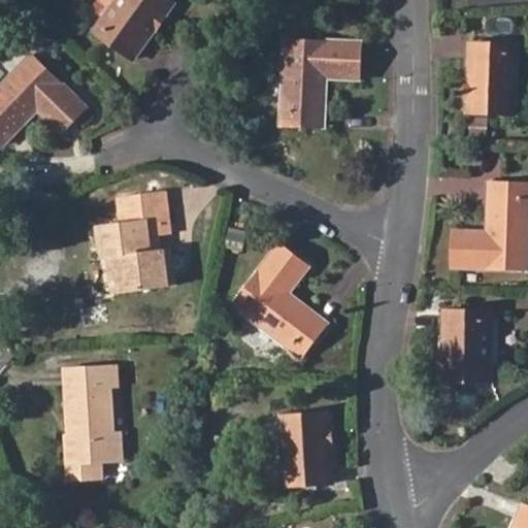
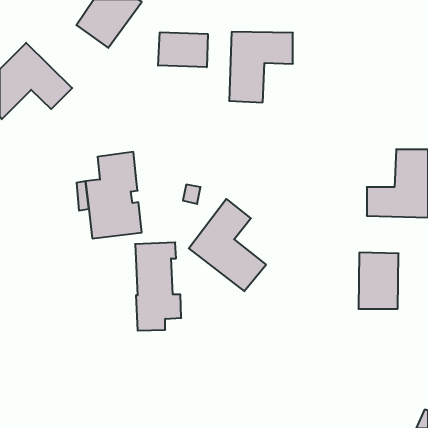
building: none -> [158,32,208,67]
building: [465,42,515,111] -> none
building: [66,367,123,475] -> [135,242,181,331]
building: [279,411,332,486] -> none

